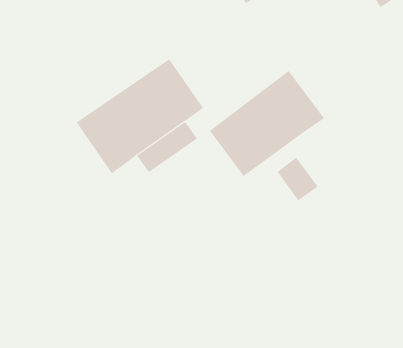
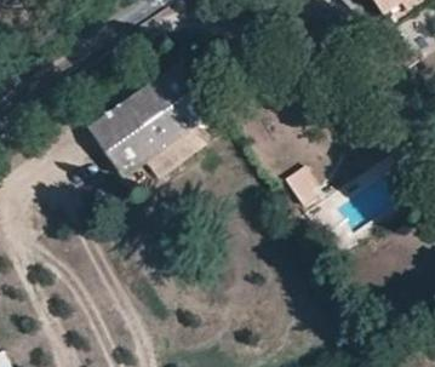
building: [209,70,325,177] -> none

